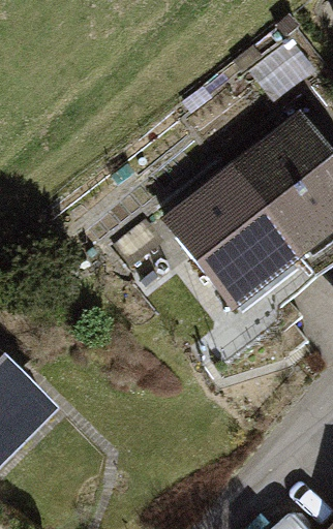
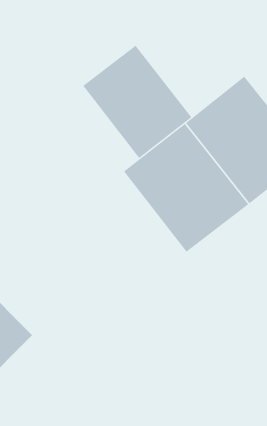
building: none -> [83,45,192,159]

